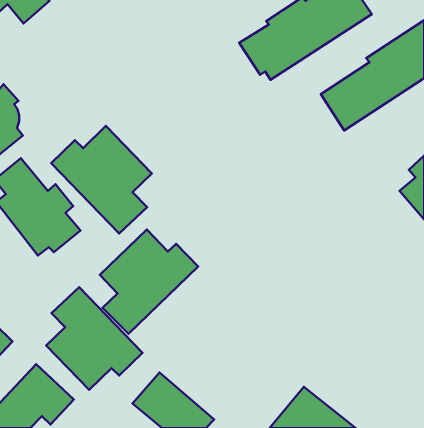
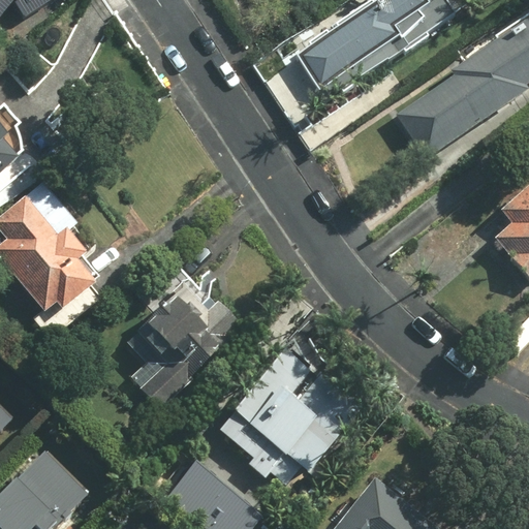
building: [51,126,152,234] -> none
building: none -> [219,349,364,486]
building: [46,287,142,390] -> none

